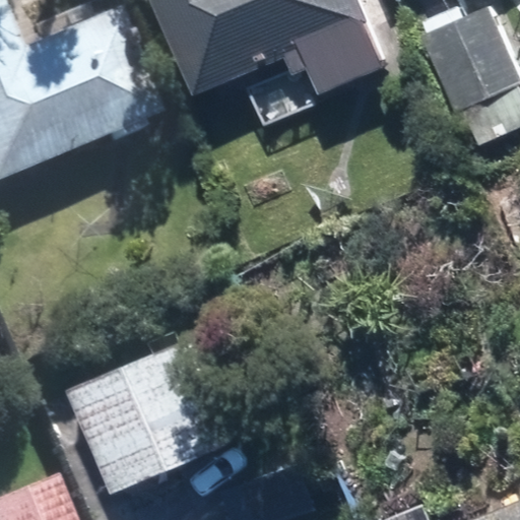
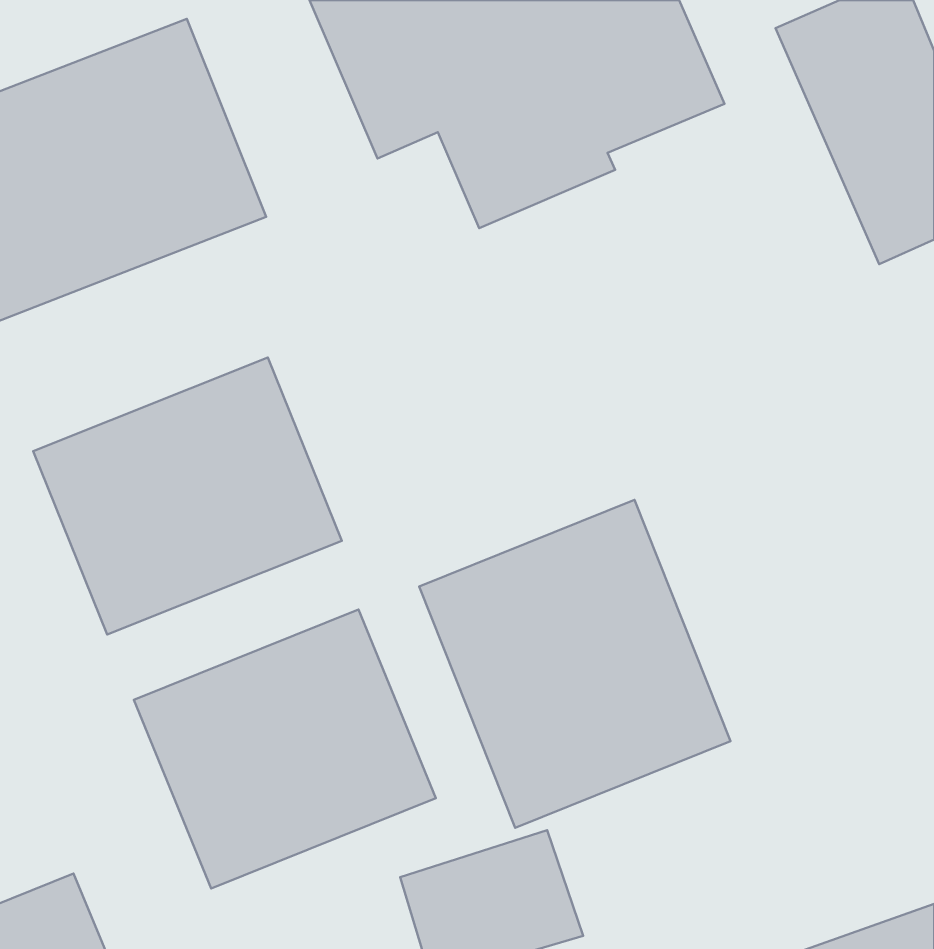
building: none -> [33,357,342,635]
building: none -> [419,500,731,828]

